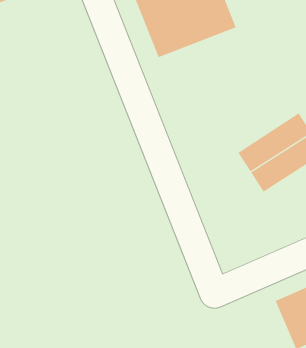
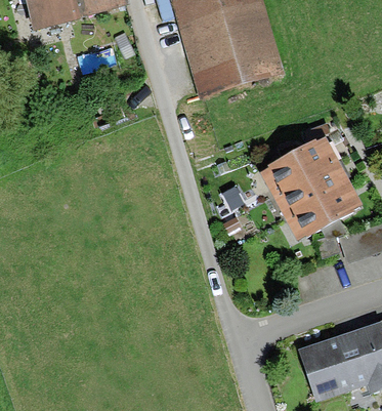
building: none -> [259,135,339,197]

